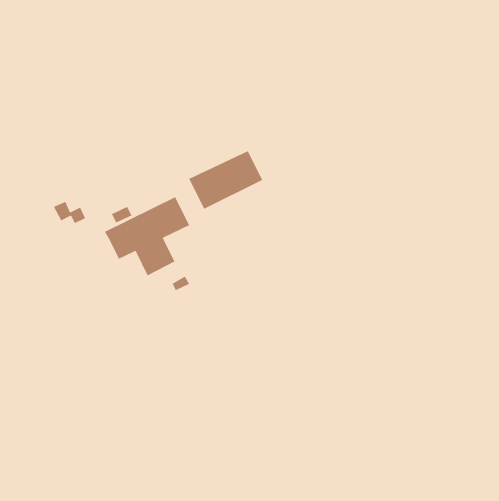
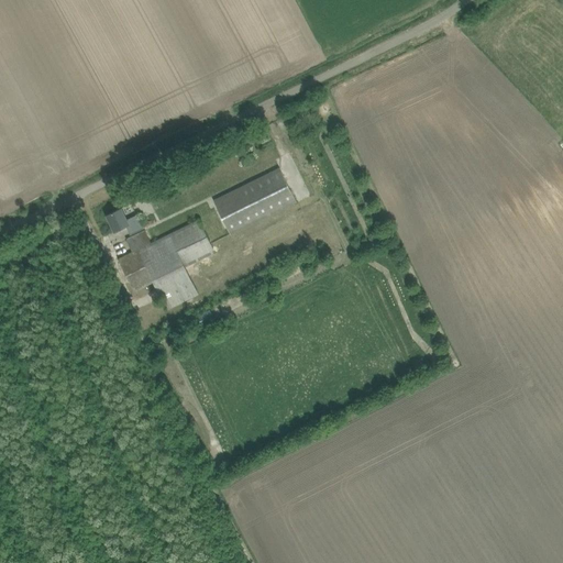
building: [53,201,86,224] -> [104,208,142,234]

